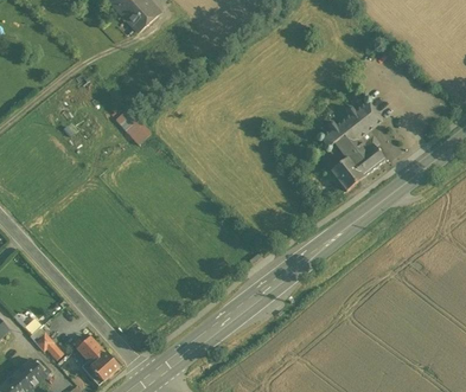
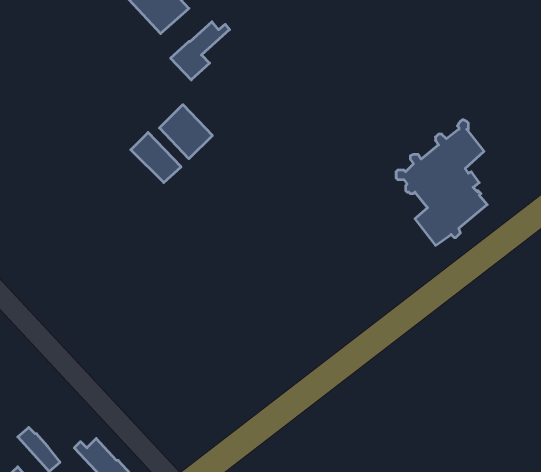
building: none -> [171,22,230,80]
building: none -> [159,105,212,159]

